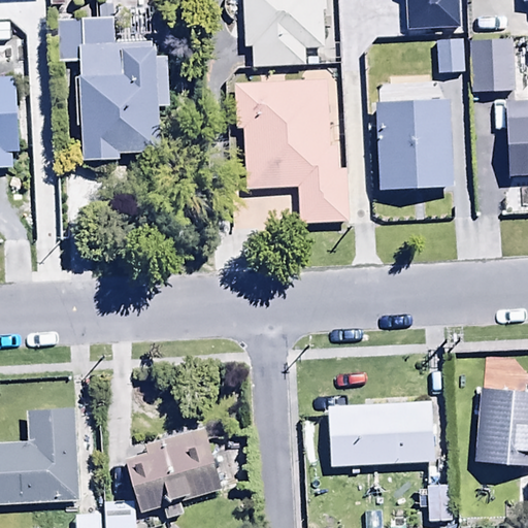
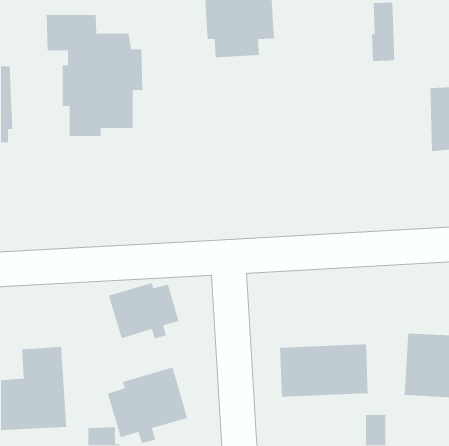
building: [470,38,514,93] -> none
building: [234,79,349,225] -> none
building: [374,86,453,190] -> none
building: none -> [108,282,180,340]

